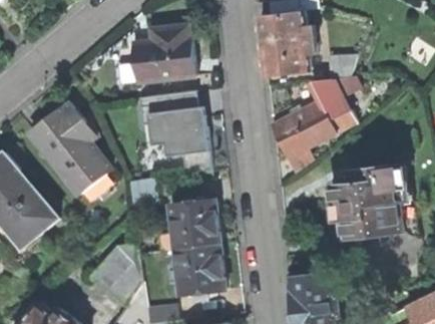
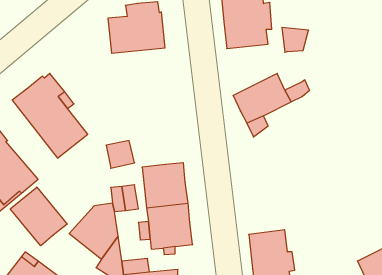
building: [308,78,345,120] -> none
building: [145,89,221,170] -> none
building: [327,164,403,241] -> none
building: none -> [10,187,67,246]

